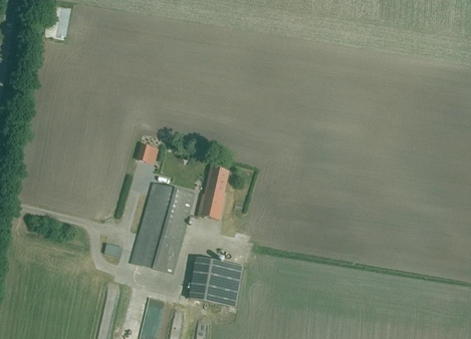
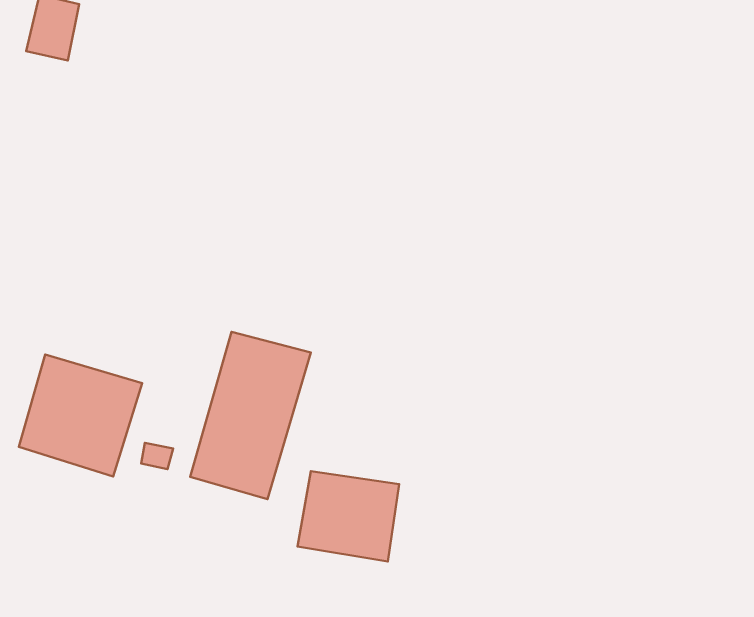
building: [197,165,230,220] -> none
building: none -> [19,355,142,476]

